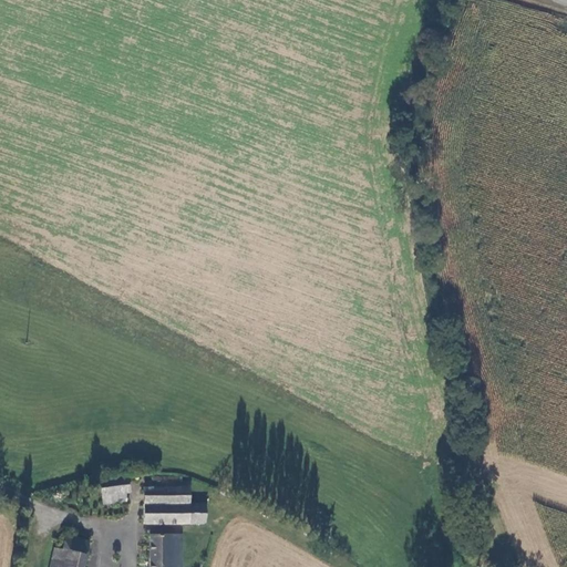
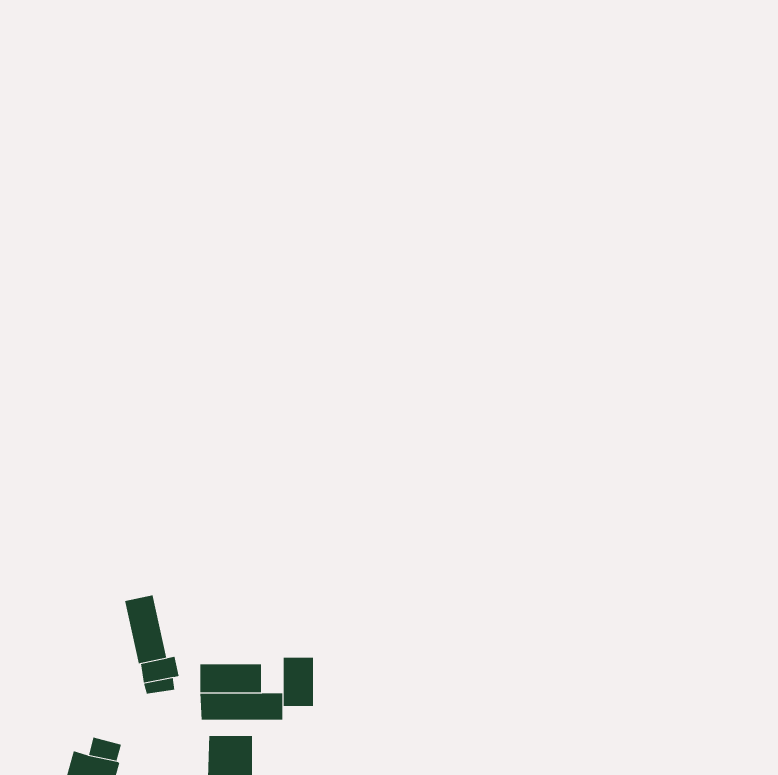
building: none -> [125,594,167,664]
building: none -> [283,657,314,707]

